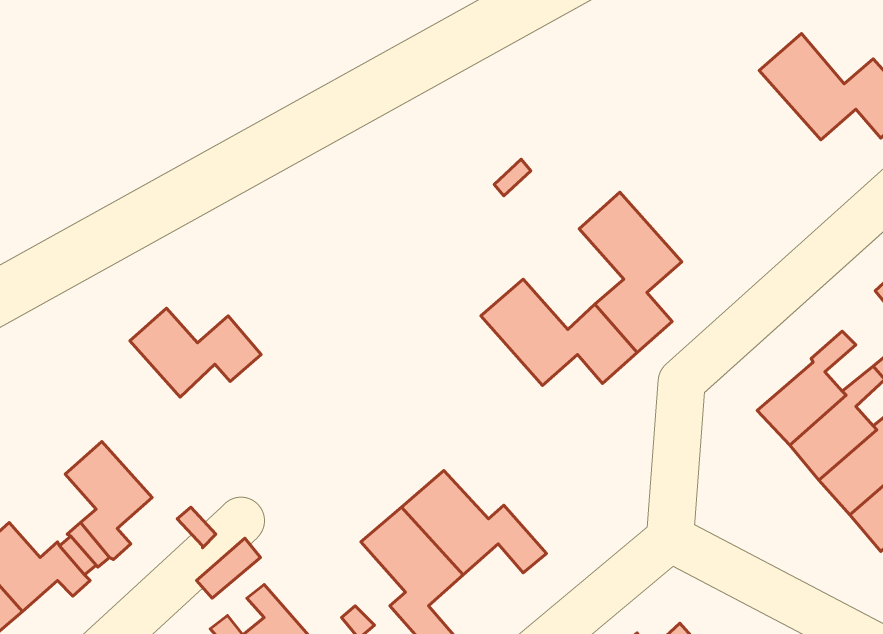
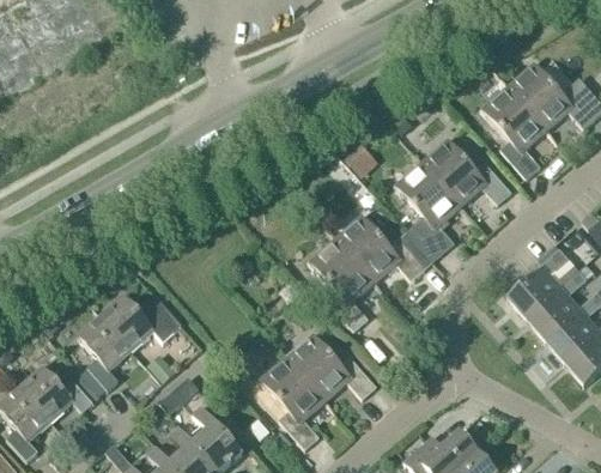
building: none -> [484,86,547,178]
building: none -> [423,139,512,205]
building: [130,308,261,397] -> [102,296,183,351]
building: none -> [311,238,375,331]

